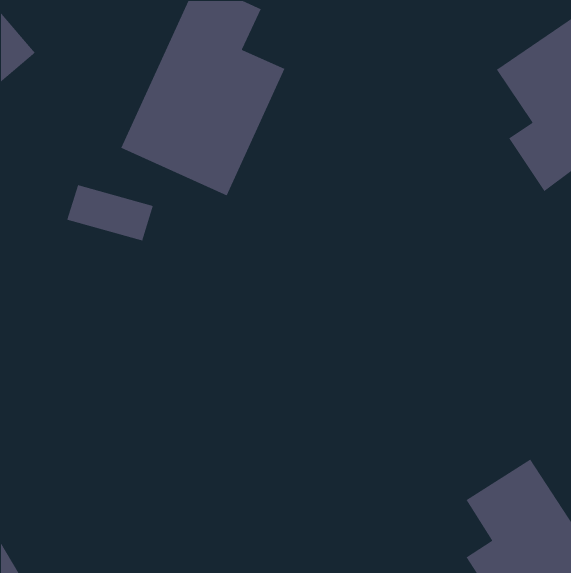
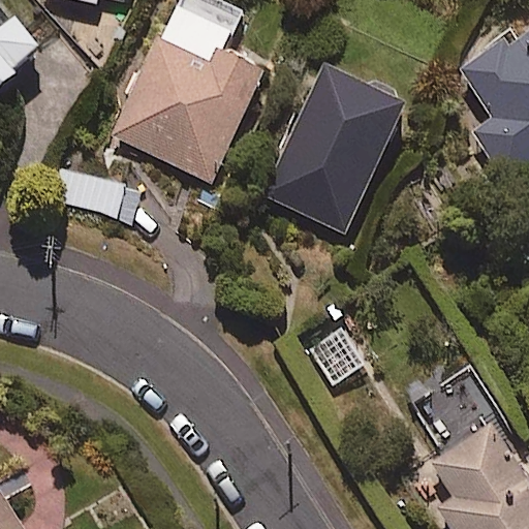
building: none -> [254,54,413,242]

